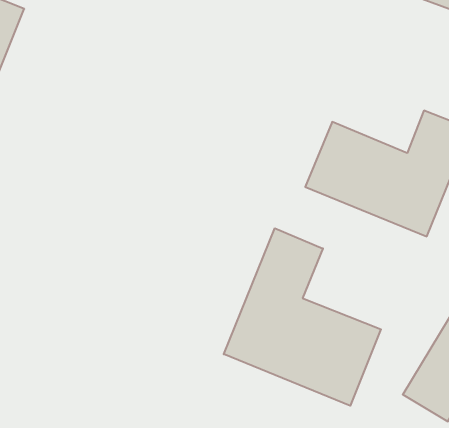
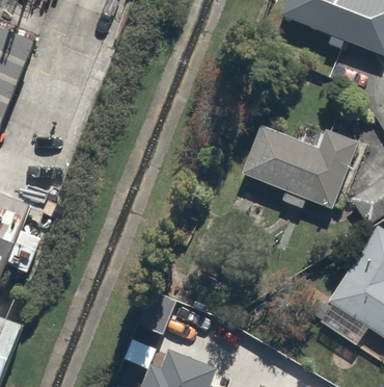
building: [224,228,381,406] -> none

